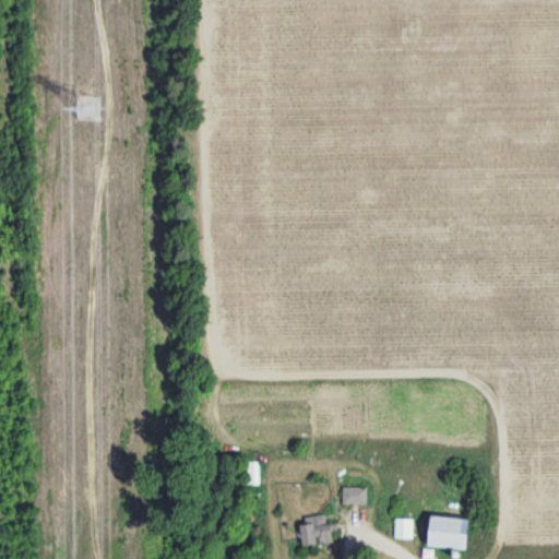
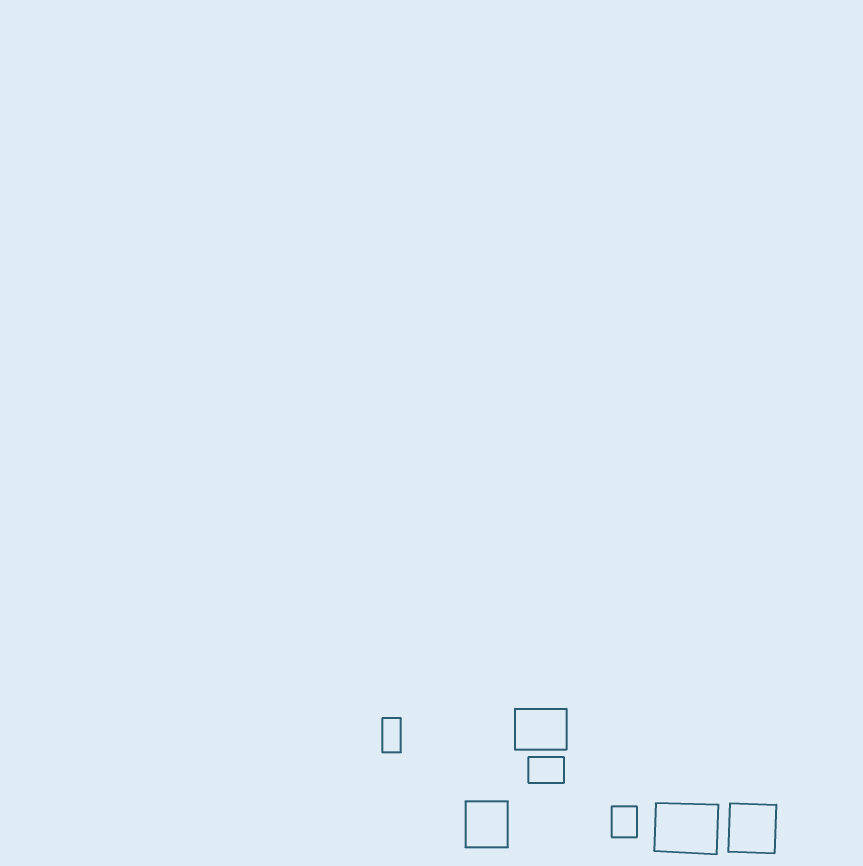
building: none -> [515,709,566,750]
building: none -> [728,803,776,853]

